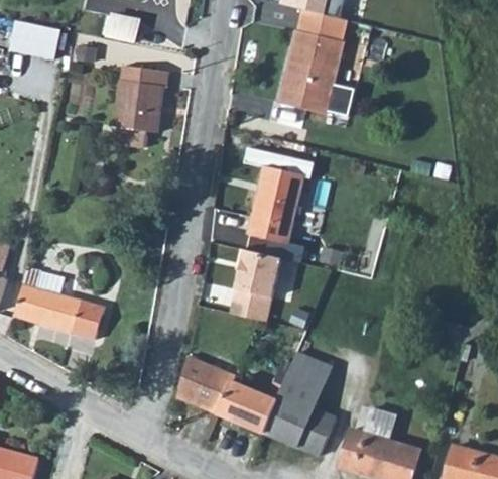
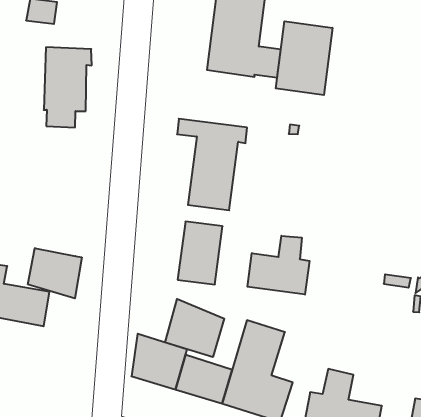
building: none -> [276,21,332,95]
building: none -> [28,248,82,298]
building: none -> [247,236,310,295]
building: none -> [165,299,224,357]

